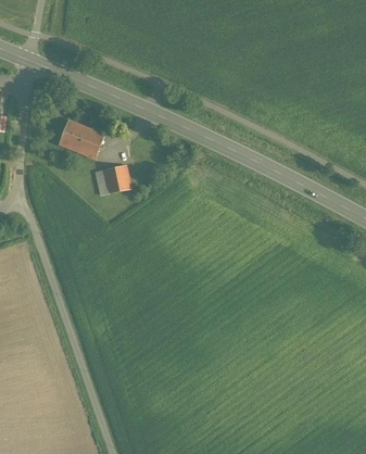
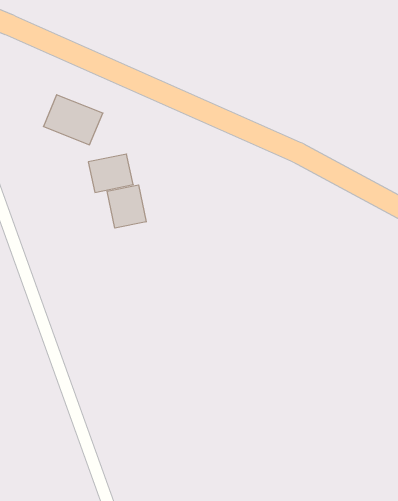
building: none -> [107,185,146,228]

